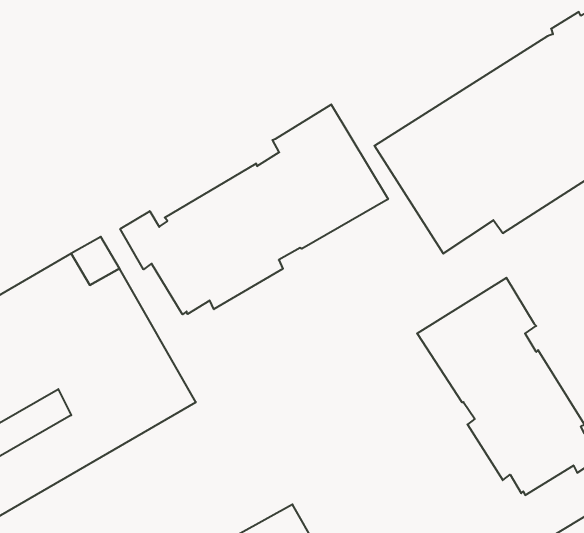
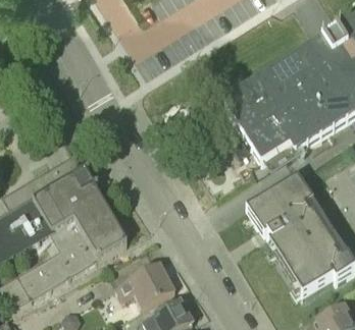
building: [120,104,388,314] -> none
building: none -> [116,263,176,310]

